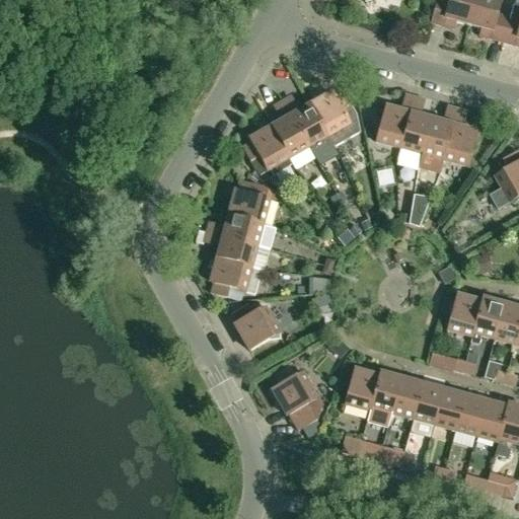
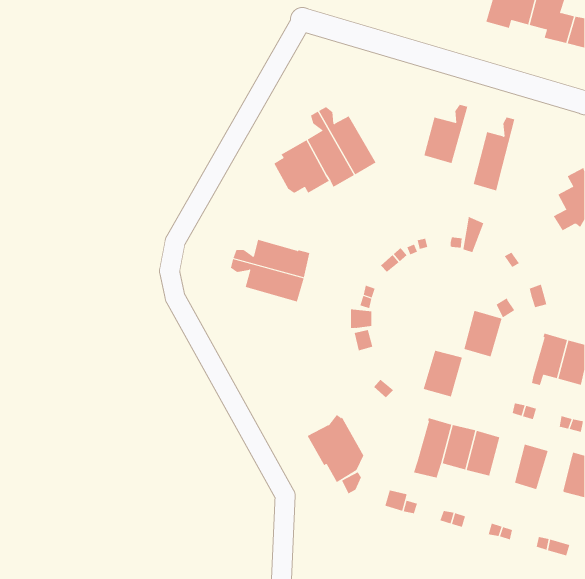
building: [309,87,360,144] -> none
building: [396,94,431,163] -> none
building: [443,105,477,163] -> none
building: [228,178,272,222] -> none
building: [210,254,264,295] -> none
building: [447,292,481,333] -> [464,310,503,357]
building: [232,302,281,348] -> none
building: [344,367,379,409] -> [423,350,463,397]
building: [434,387,464,428] -> none
building: [475,399,506,439] -> none

